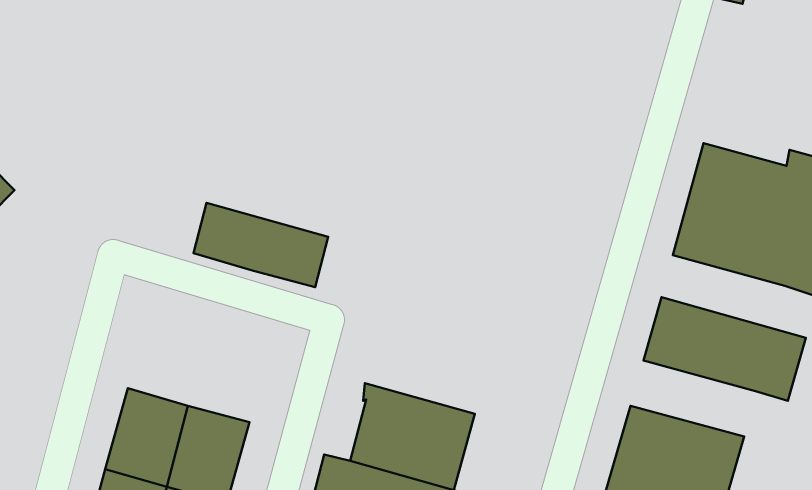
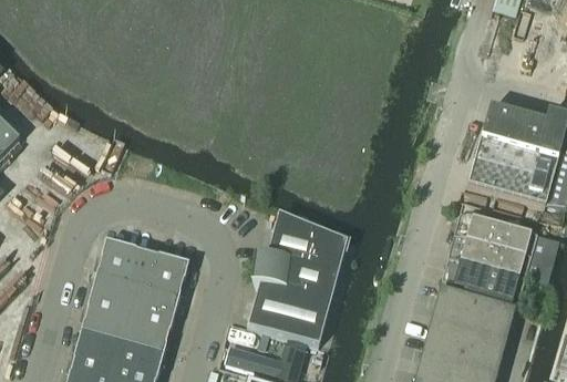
building: [194,203,328,287] -> [96,240,188,298]
building: none -> [258,211,348,292]
building: none -> [442,256,525,307]

